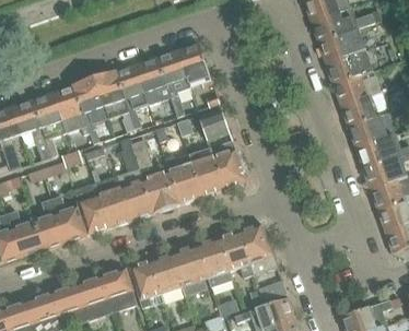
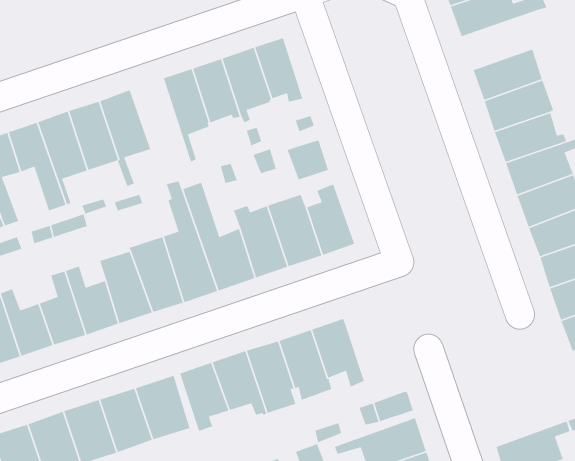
building: [317,24,369,63] -> none
building: [95,69,136,130] -> none
building: [238,222,274,272] -> none

